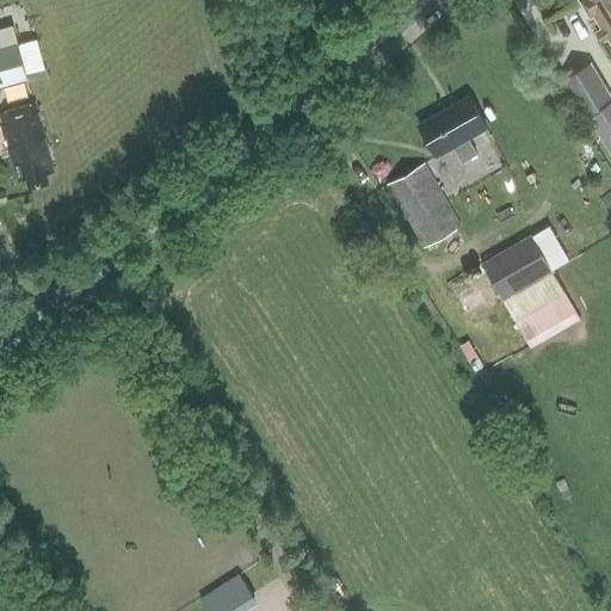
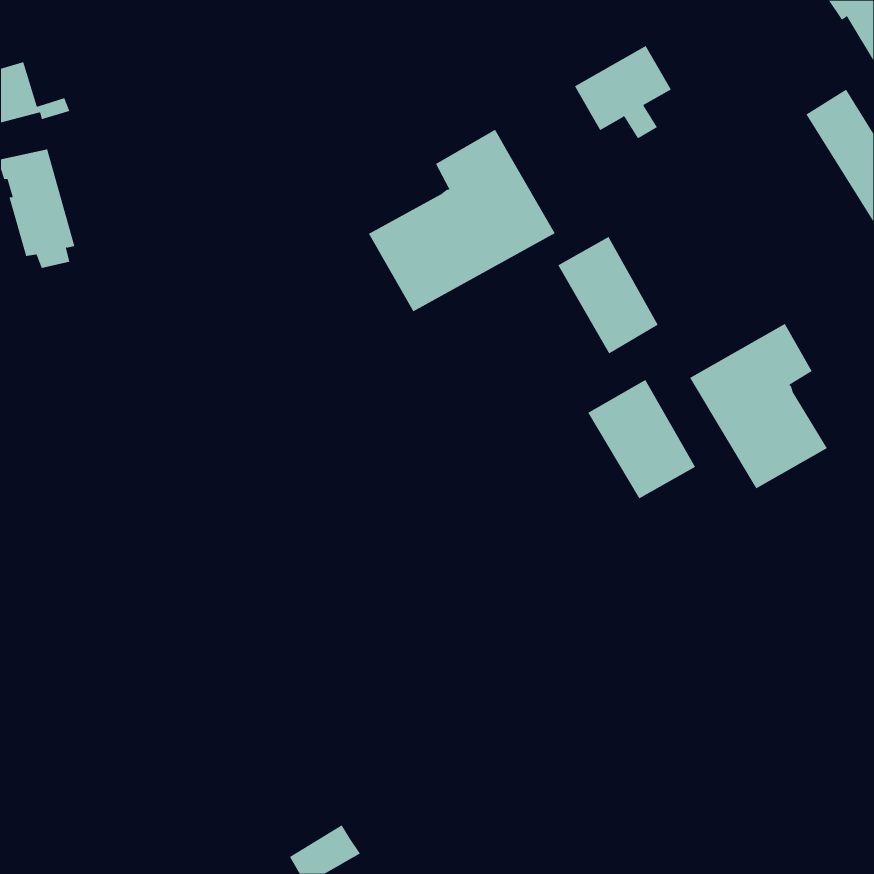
building: none -> [368,129,555,312]
building: [418,97,486,162] -> [574,45,672,139]
building: none -> [588,379,696,499]

